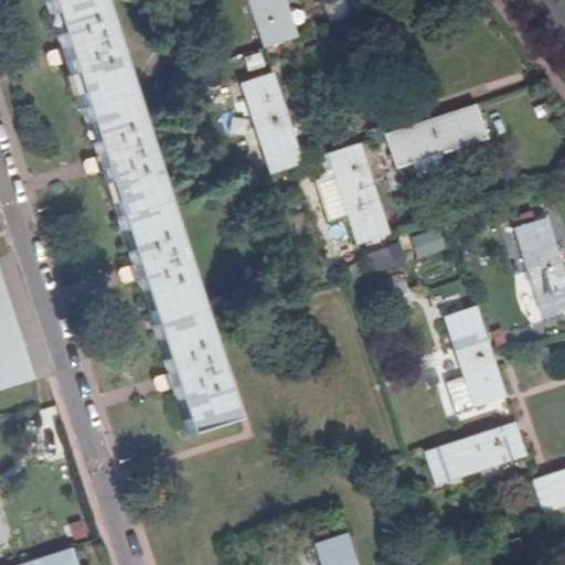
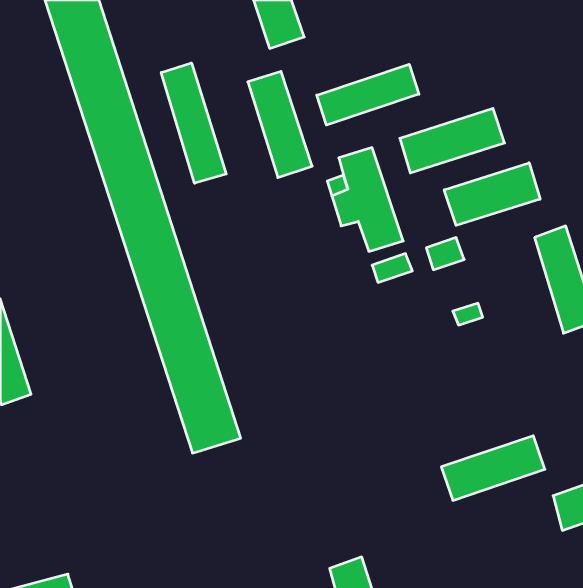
building: none -> [161,63,226,183]
building: none -> [317,64,419,125]
building: none -> [444,163,540,225]
building: [448,303,509,409] -> none

